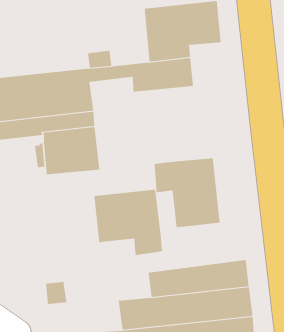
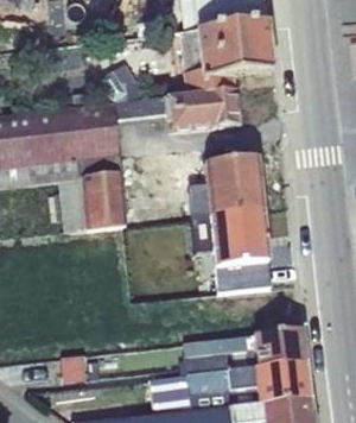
building: none -> [204,154,263,212]
building: [94,189,163,256] -> none

